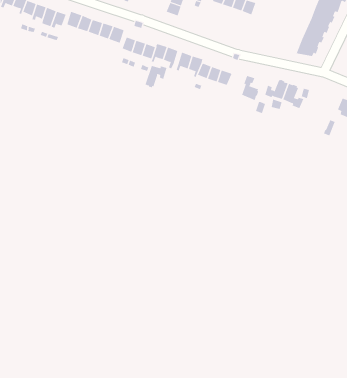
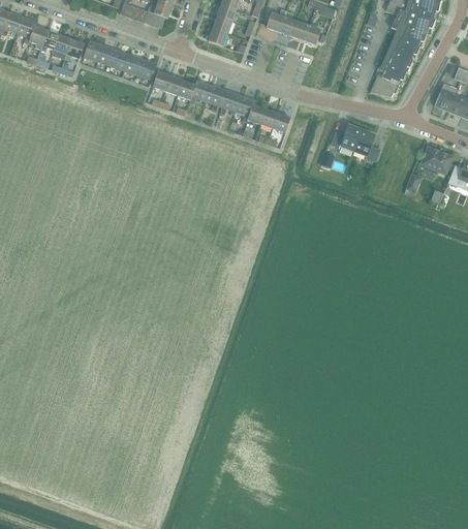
building: [145,65,167,88] -> none
building: [241,75,259,101] -> none

